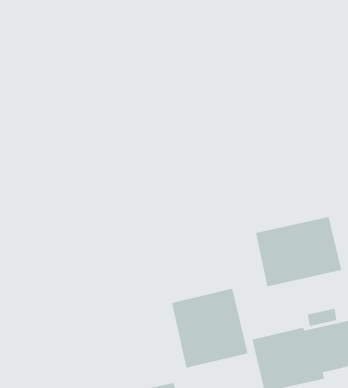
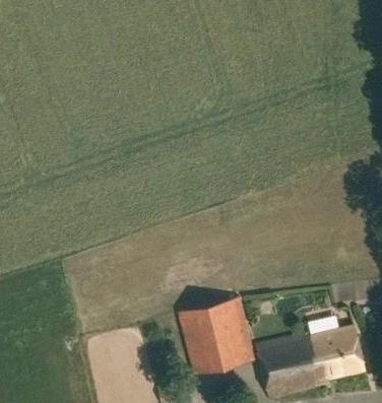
building: [255,216,342,287] -> none

